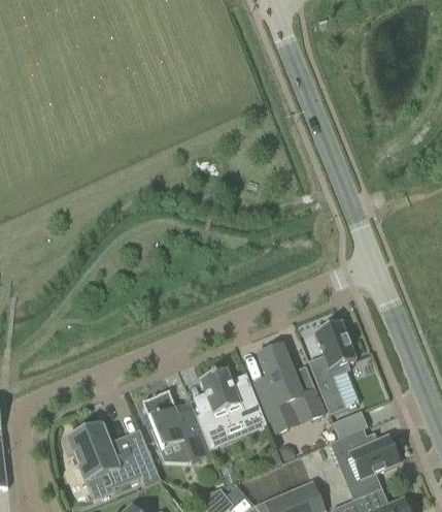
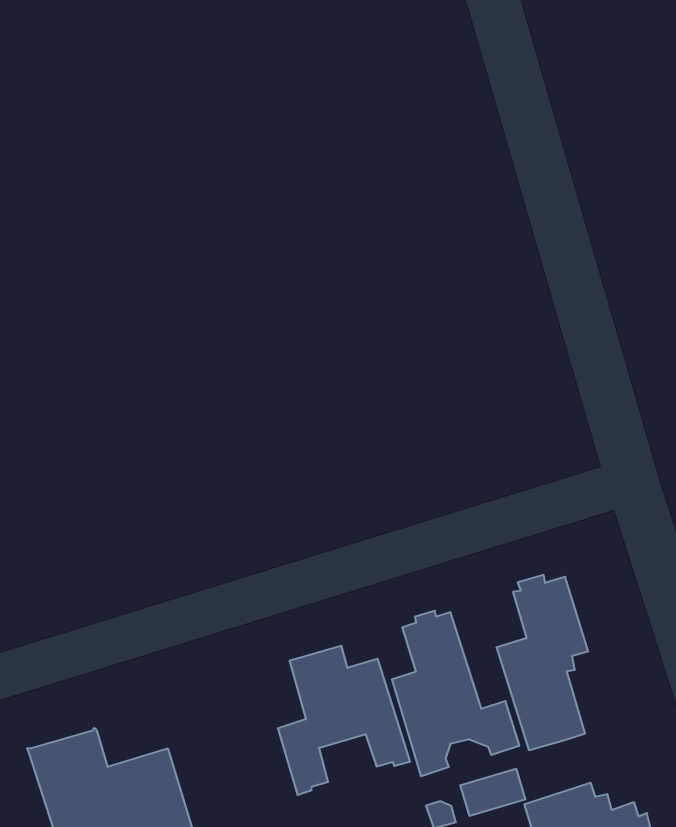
building: [141,391,210,460] -> none
building: [332,411,367,438] -> [460,769,526,816]

